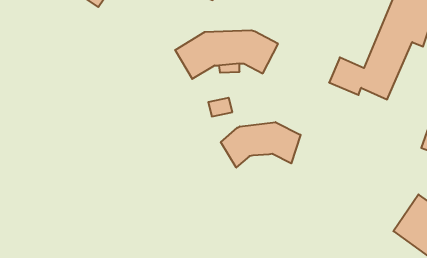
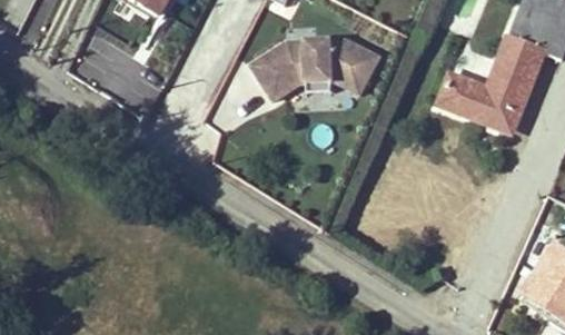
building: [221,122,301,168] -> none

